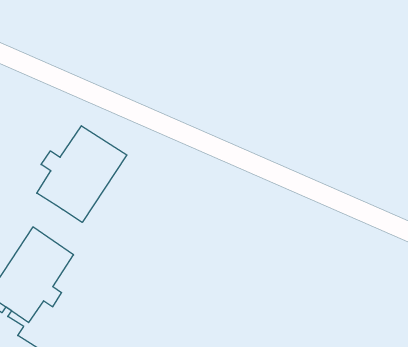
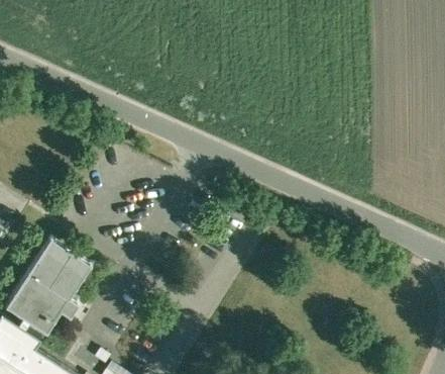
building: [37,126,127,222] -> none

